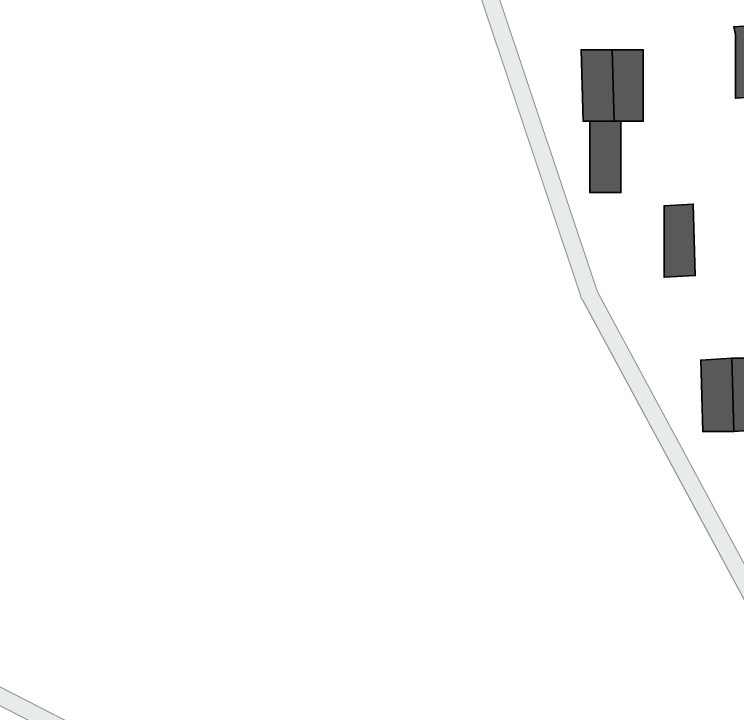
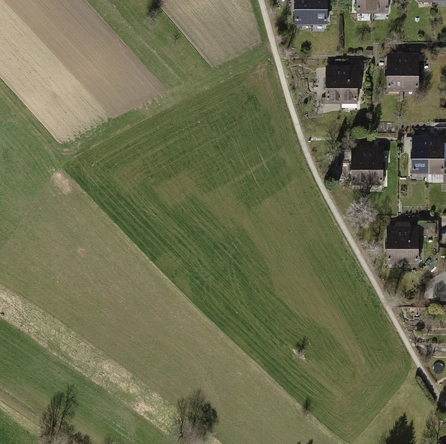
building: none -> [387,55,403,92]
building: [590,121,621,192] -> [350,148,366,185]

